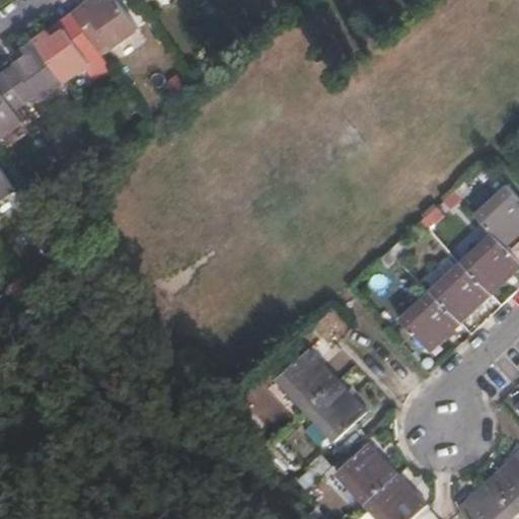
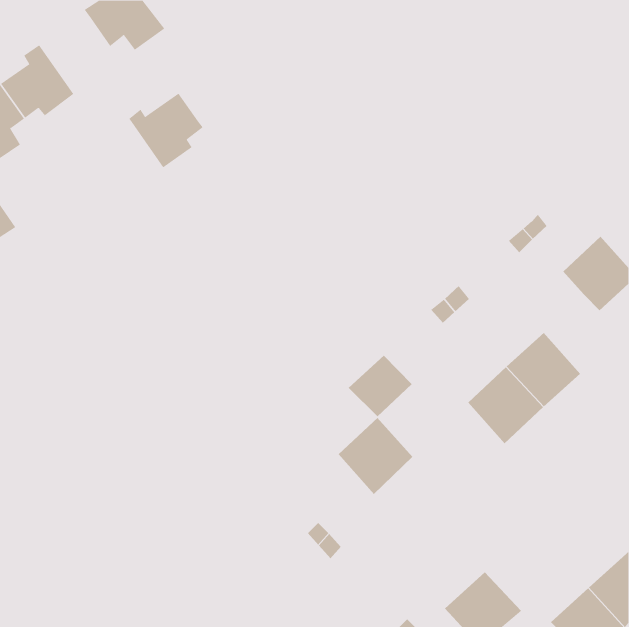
building: [32,18,94,80] -> [128,93,204,168]
building: [447,245,511,310] -> none
building: none -> [348,355,413,417]
building: [307,378,369,440] -> none
building: [336,440,398,503] -> none

